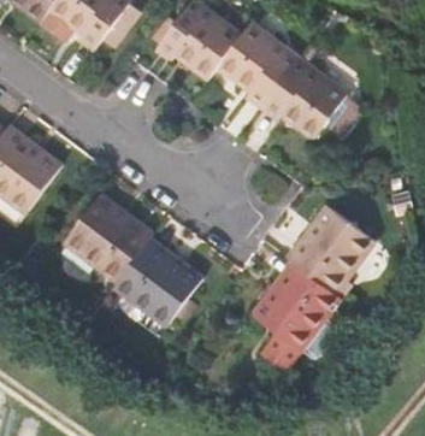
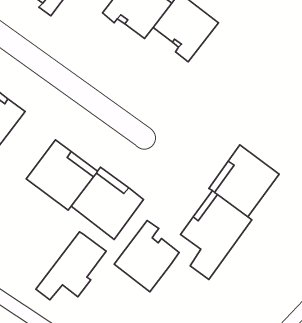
building: [260,57,346,137] -> none
building: none -> [114,221,179,292]
building: none -> [36,232,106,300]

